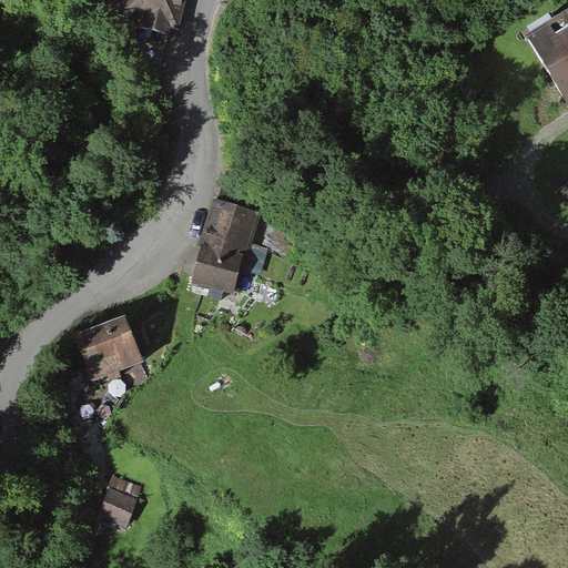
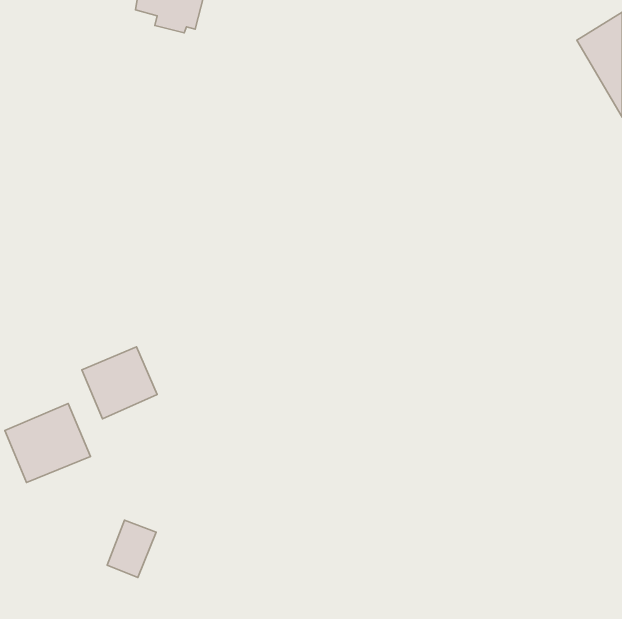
building: [194,200,265,294] -> none
building: none -> [5,404,91,483]

